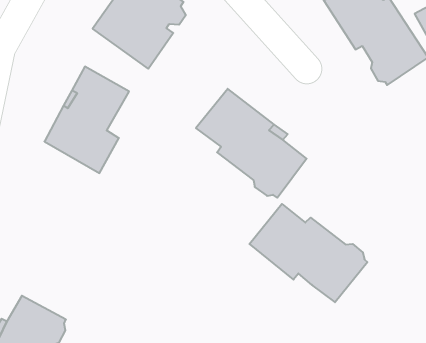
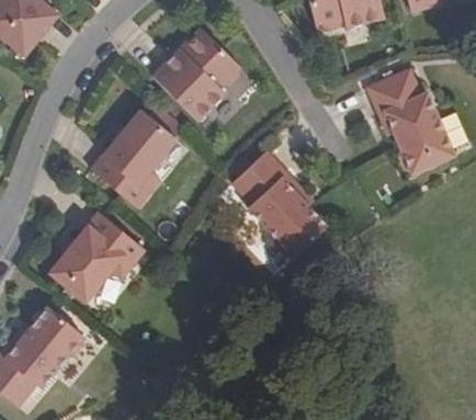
building: none -> [49,212,145,302]
building: [249,204,367,302] -> none

